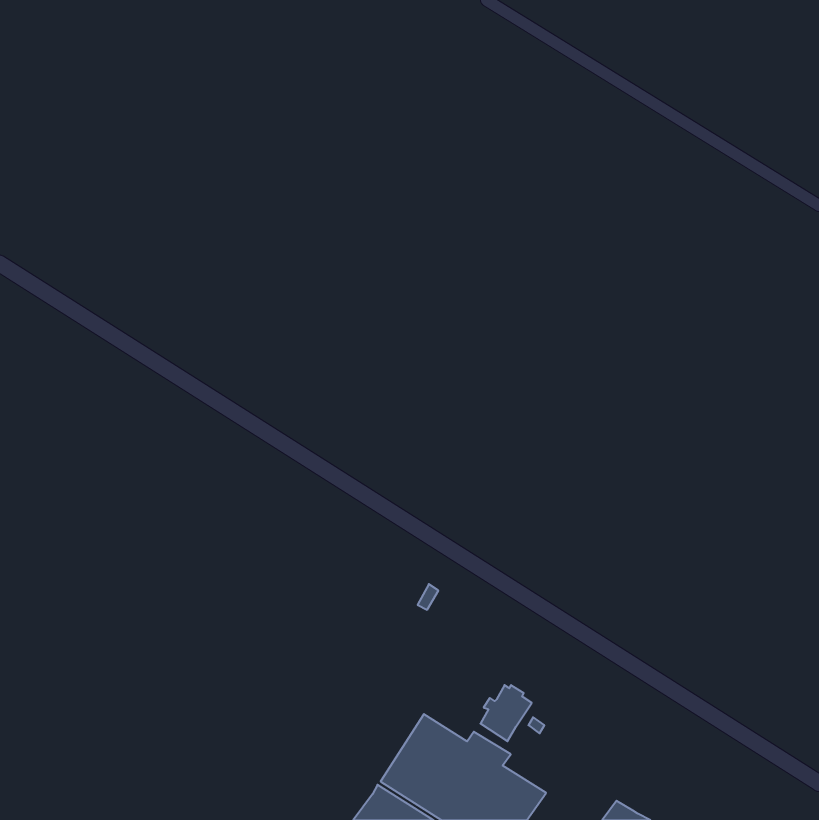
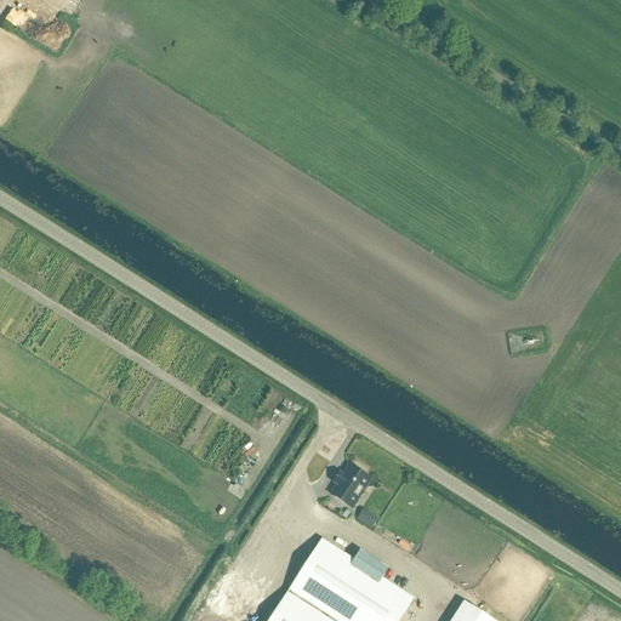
building: [480,685,532,741] -> [330,465,369,507]

